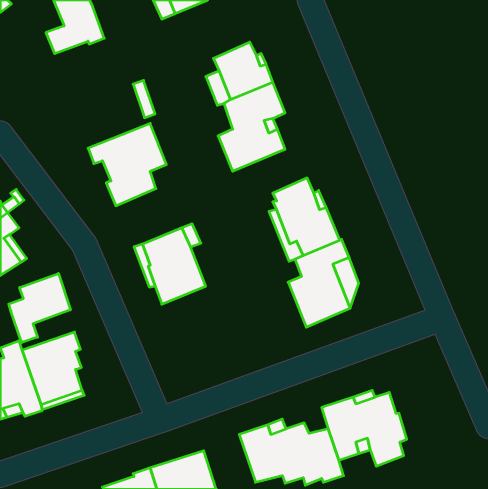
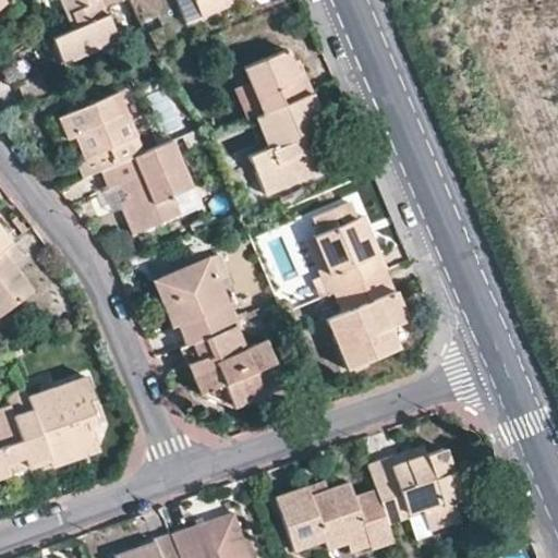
building: none -> [59,85,145,177]
building: [9,273,70,343] -> none
building: none -> [183,326,283,408]

